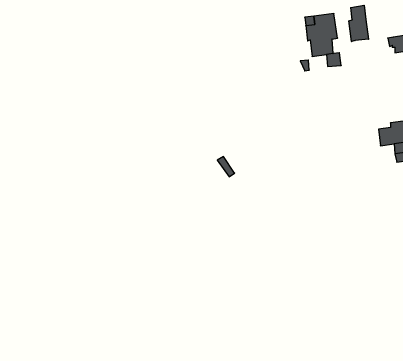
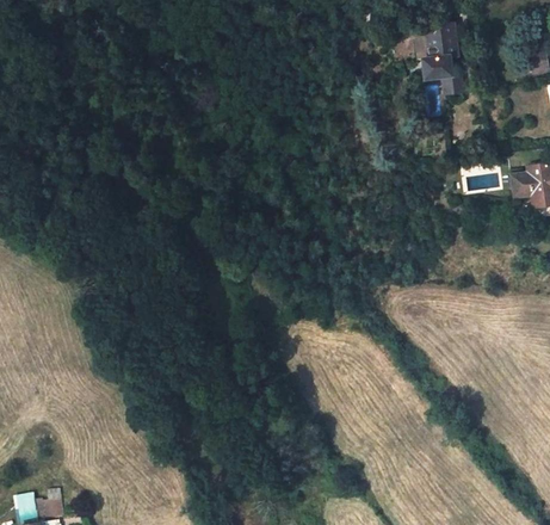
building: [349,5,369,42] -> none

